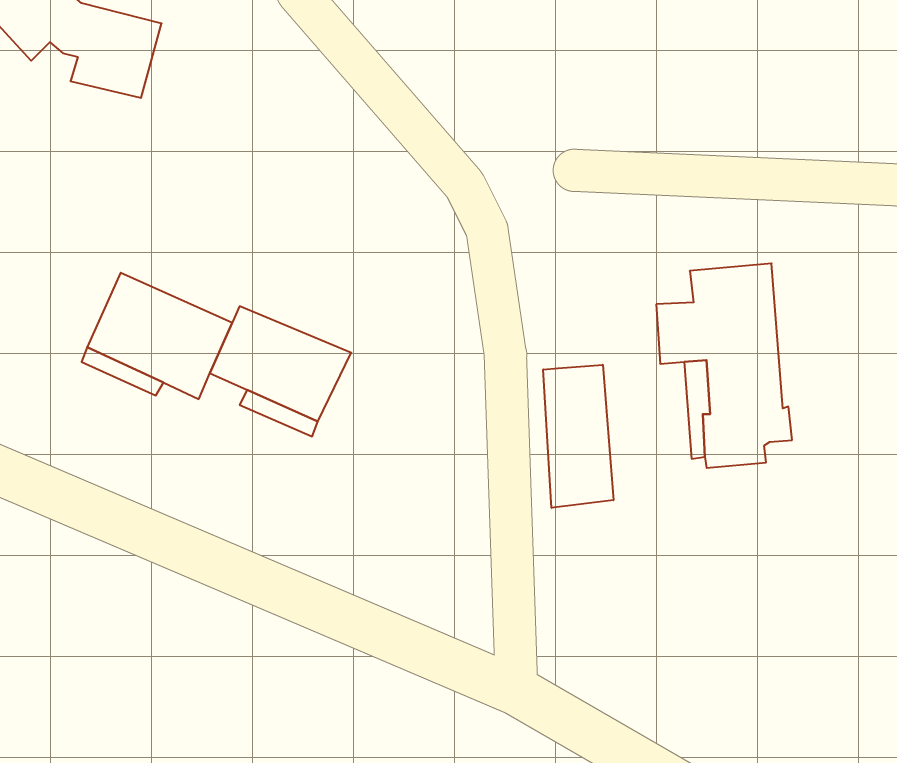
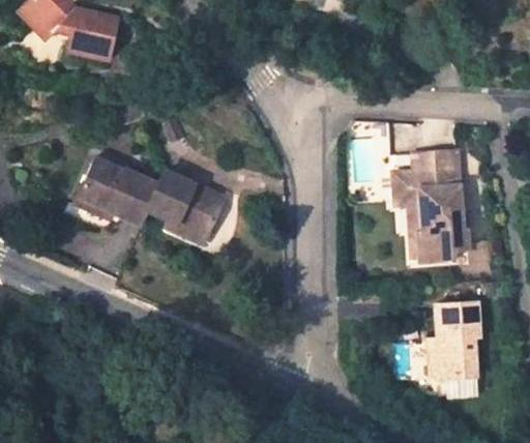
building: [543,365,613,508] -> none
building: none -> [436,303,482,380]

